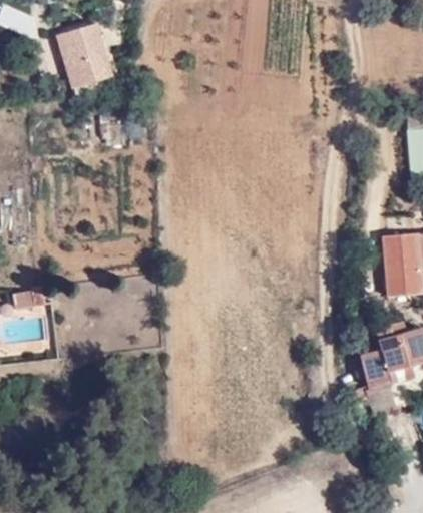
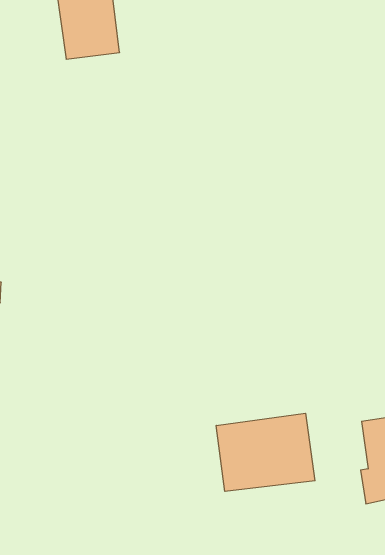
building: none -> [216,413,315,491]

